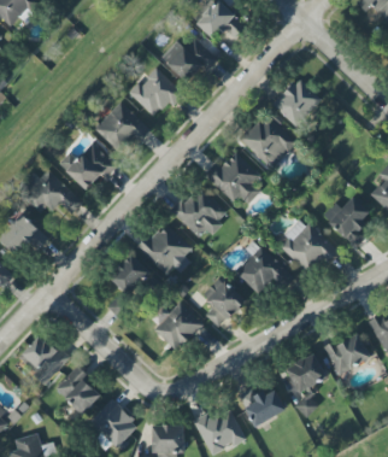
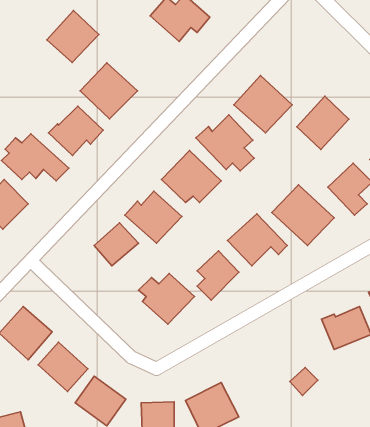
building: [129,68,178,117] -> [47,11,99,63]
building: [271,77,321,128] -> [297,96,349,150]
building: [284,353,327,393] -> none
building: [239,385,286,427] -> none

